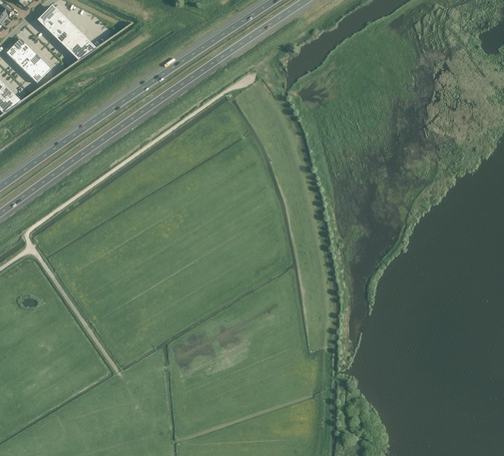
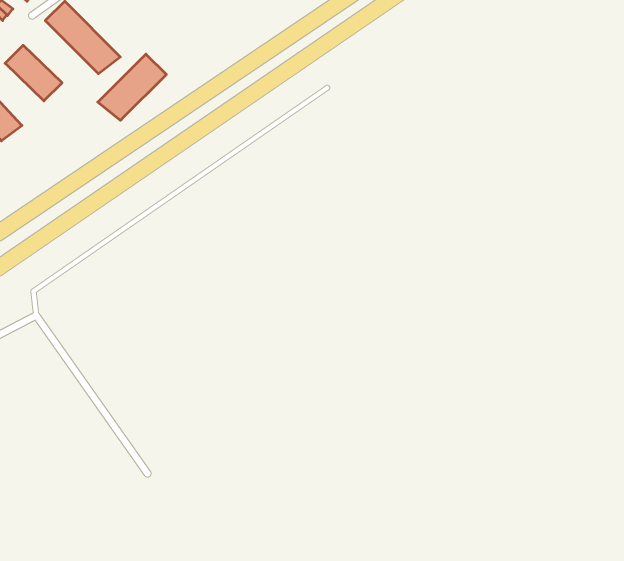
building: none -> [98,54,166,120]

